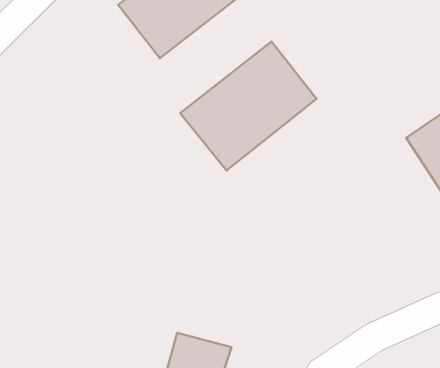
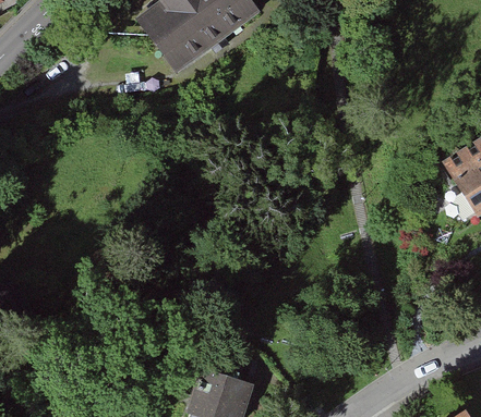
building: [180,42,316,171] -> none

